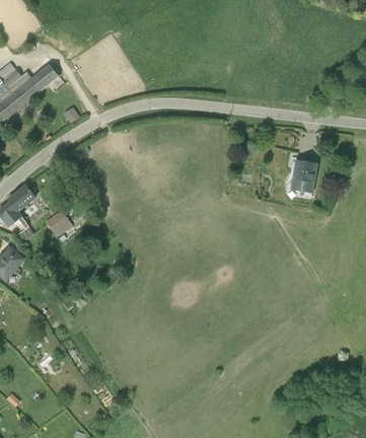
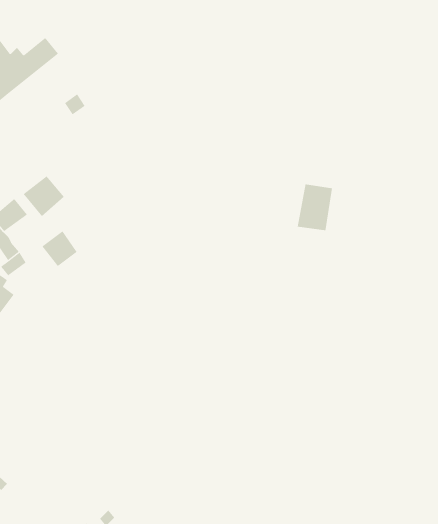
building: [289,157,316,193] -> [297,184,333,231]
building: none -> [23,175,64,217]

